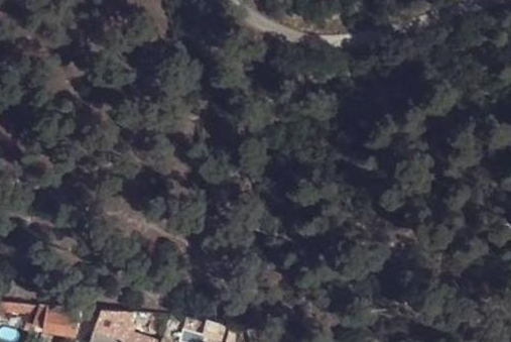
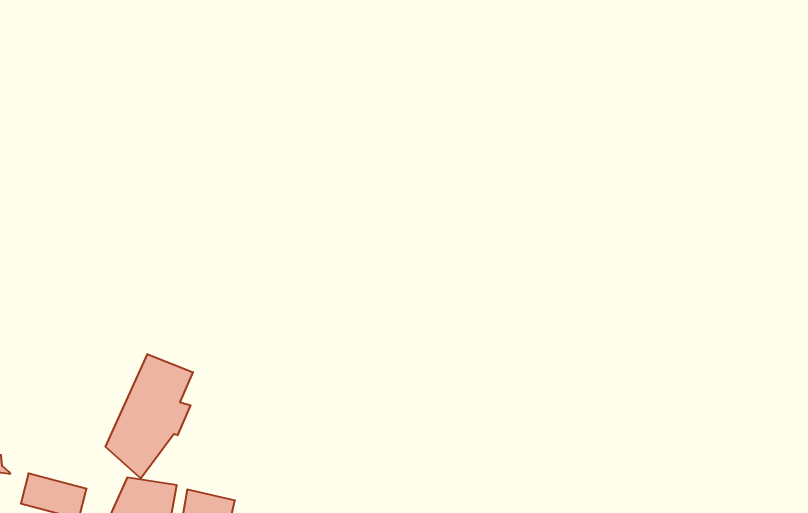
building: none -> [106,354,193,479]

